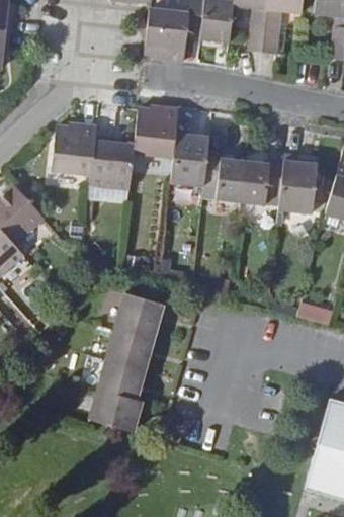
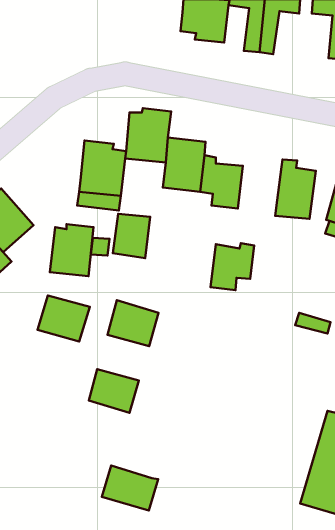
building: [144,7,189,61] -> none
building: [53,124,95,175] -> [50,224,94,276]
building: [243,160,285,205] -> [210,243,254,290]
building: none -> [113,214,150,258]
building: [106,325,157,369] -> [38,295,90,341]
building: [89,389,144,432] -> [102,466,158,510]

